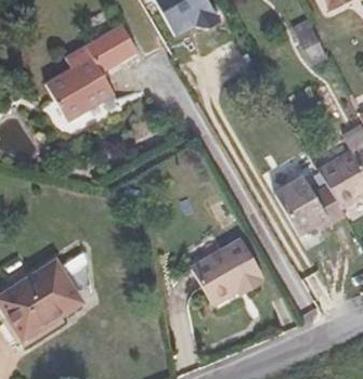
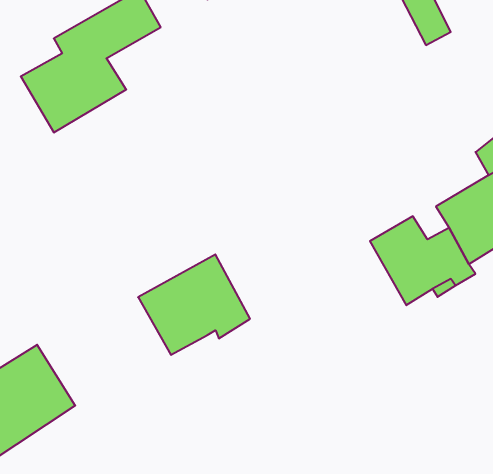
building: [191,238,264,304] -> [138,254,250,355]

